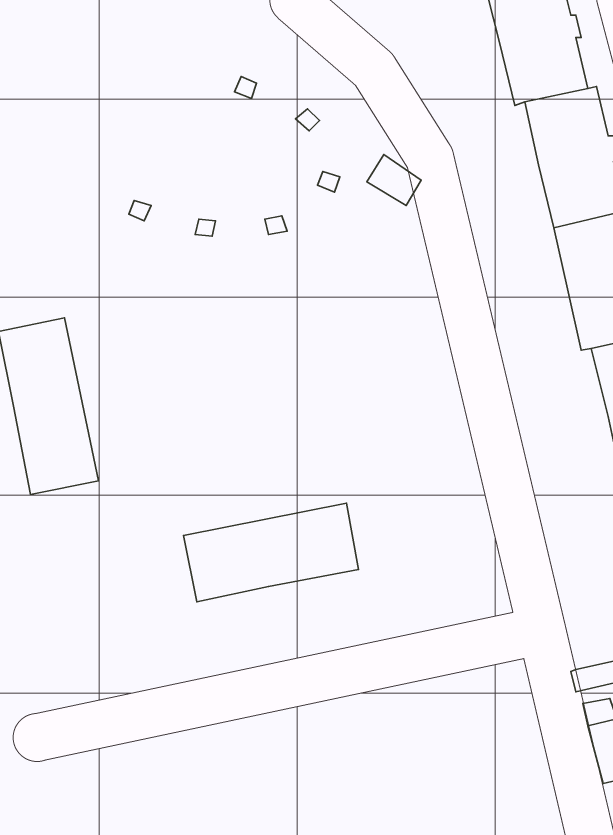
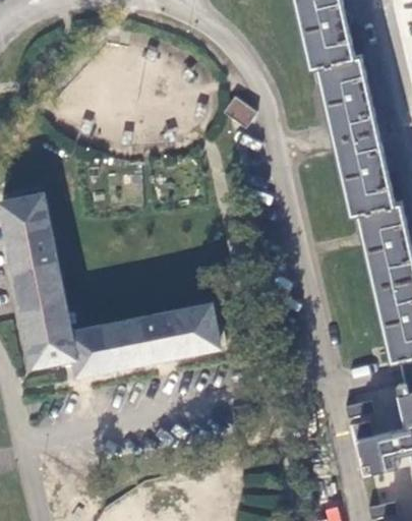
building: none -> [20,291,120,371]

